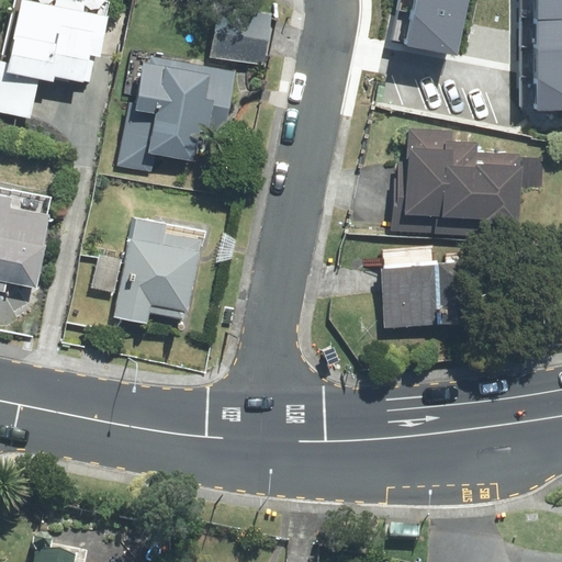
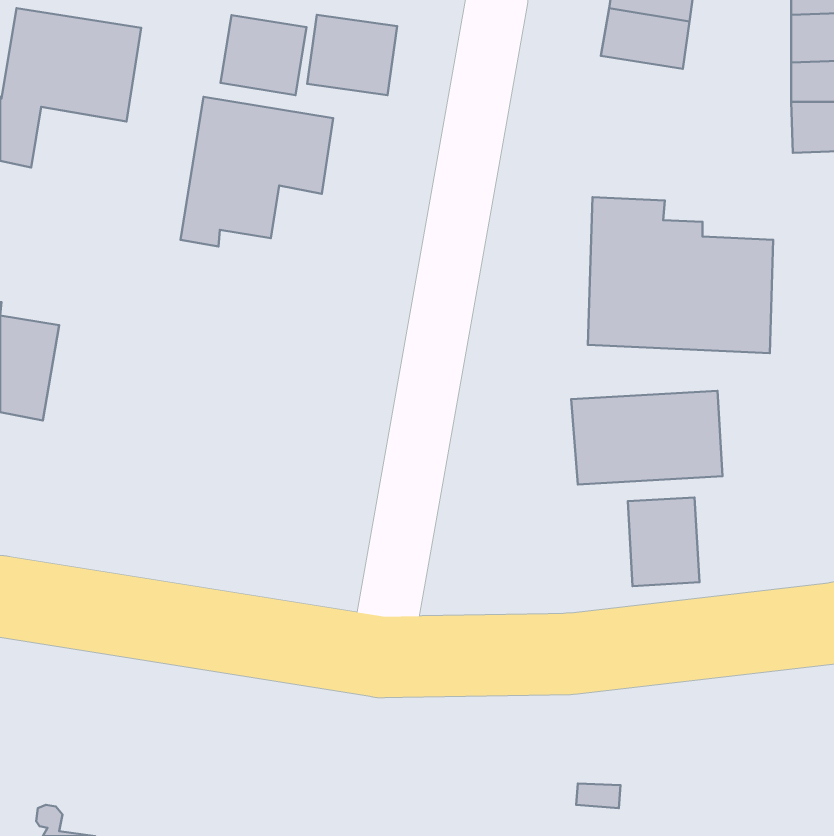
building: none -> [221,15,306,95]
building: [122,216,203,327] -> none
building: none -> [628,498,699,586]

